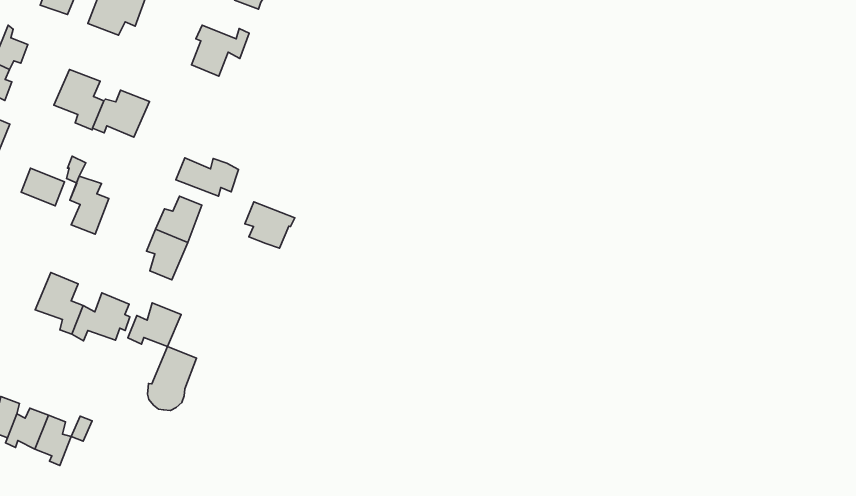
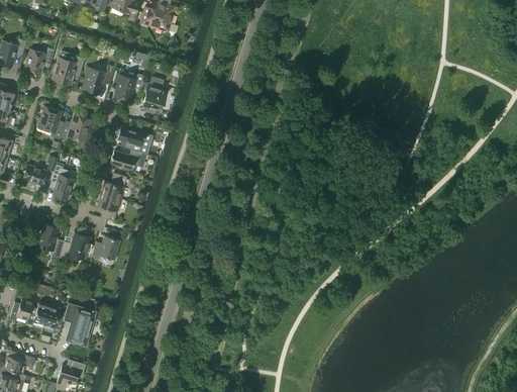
building: none -> [83,65,114,93]
building: none -> [141,82,166,114]
building: [245,202,295,248] -> [117,126,145,152]
building: [147,347,197,410] -> [68,307,94,344]

